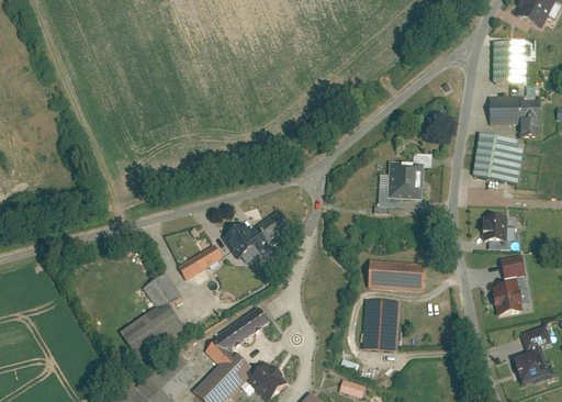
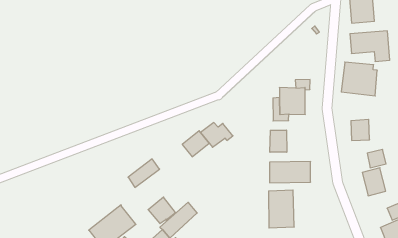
building: none -> [270,130,287,152]
building: [224,224,267,257] -> [201,123,233,147]
building: [144,271,180,306] -> [148,197,175,224]

